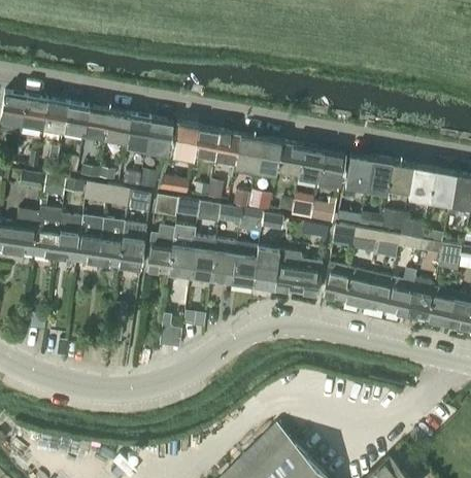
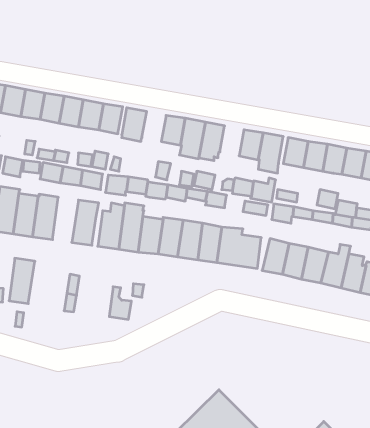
building: [194,127,220,159] -> none
building: [277,142,303,174] -> none
building: [98,218,126,267] -> [9,258,35,304]

